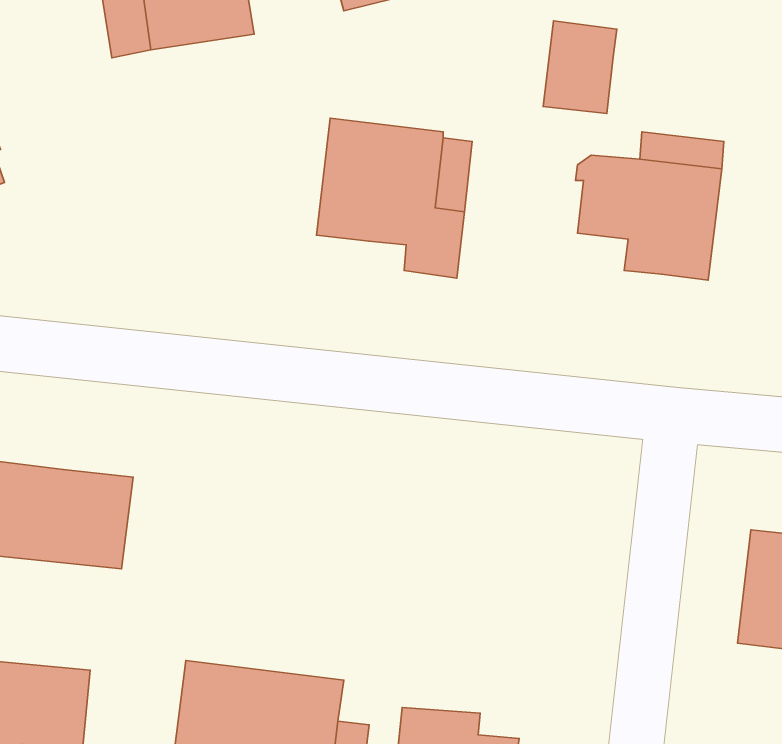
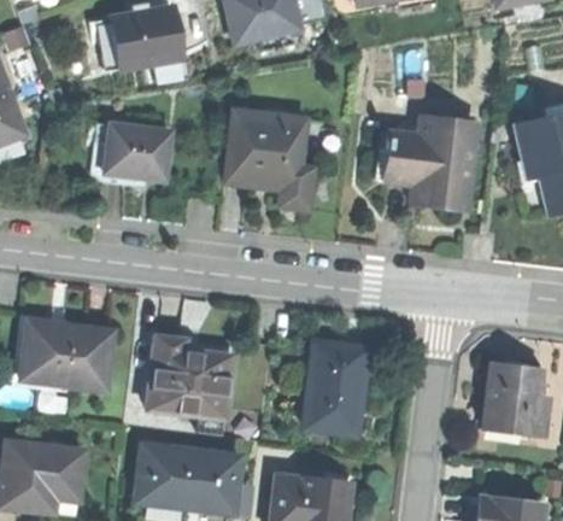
building: [543,21,617,113] -> none
building: none -> [105,125,171,178]
building: none -> [147,336,230,417]
building: none -> [307,345,365,433]

